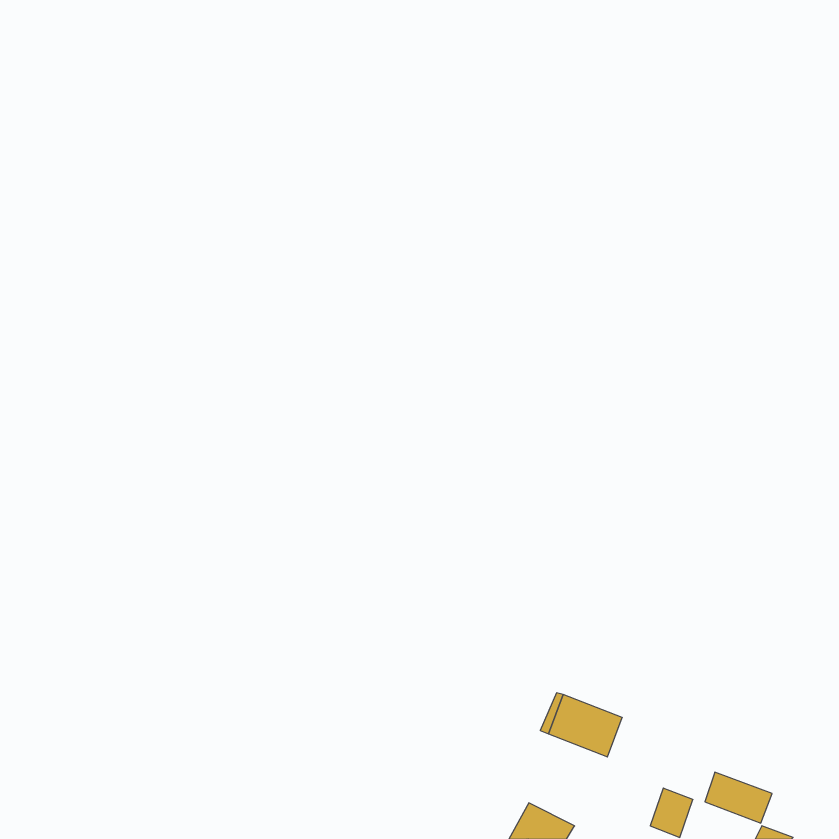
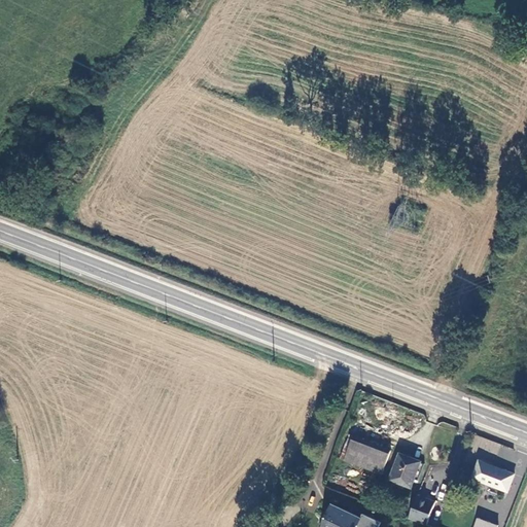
building: none -> [388,454,420,488]
building: [705,772,772,823] -> [471,460,514,492]

